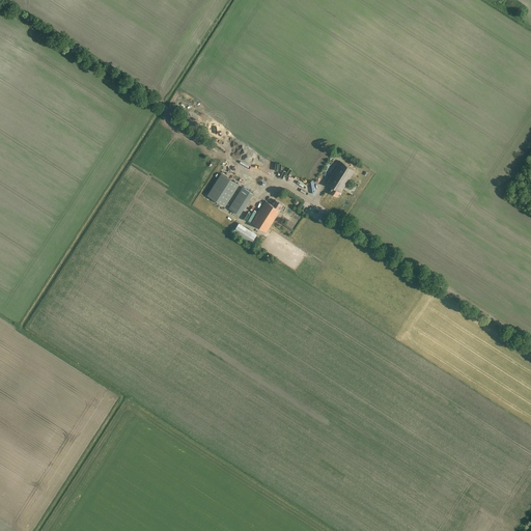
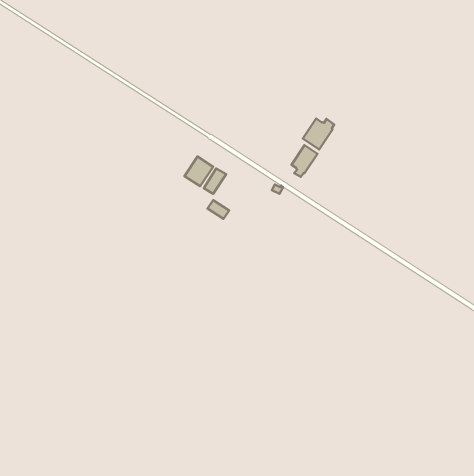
building: none -> [303,118,334,150]
building: [250,200,281,232] -> none

